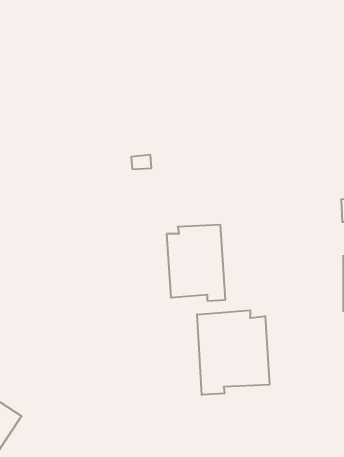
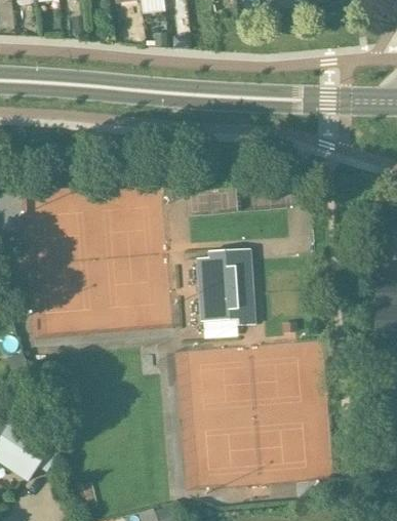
building: [197,310,269,395] -> none

